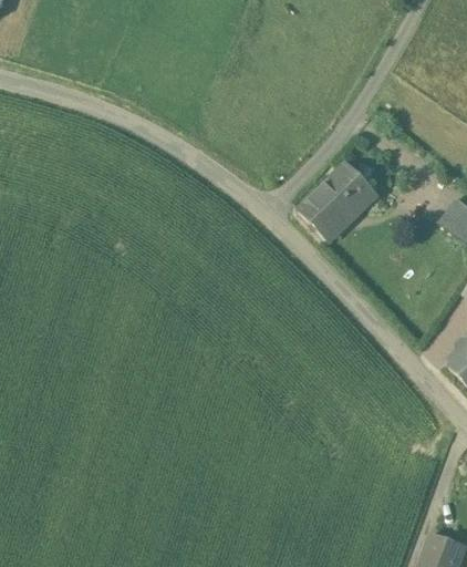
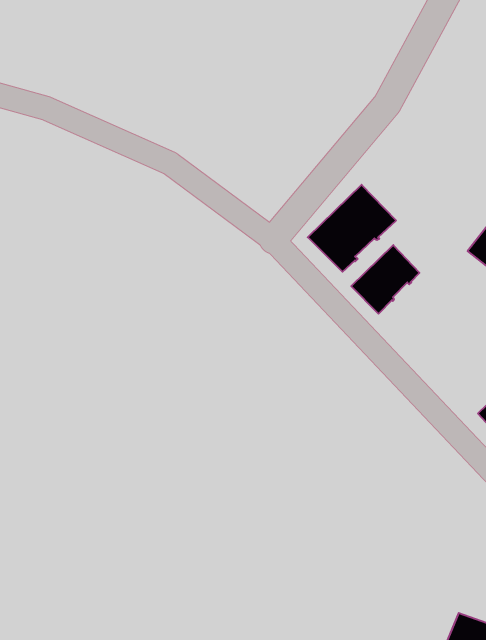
building: none -> [351,245,419,314]

